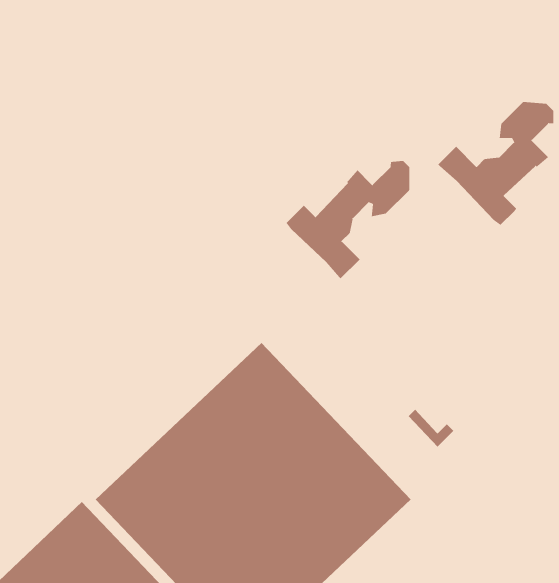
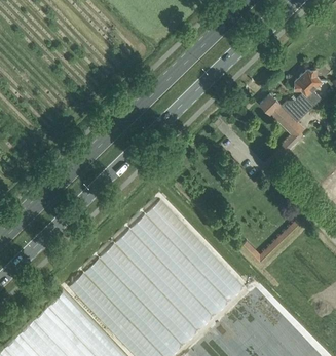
building: [286,160,410,279] -> none

